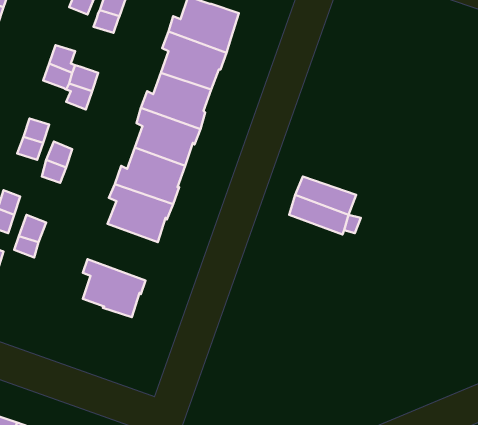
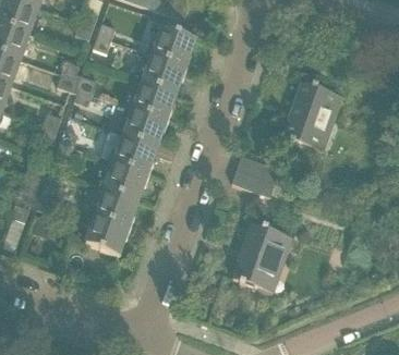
building: none -> [283,79,342,148]
building: none -> [88,186,138,227]
building: none -> [233,220,291,289]

